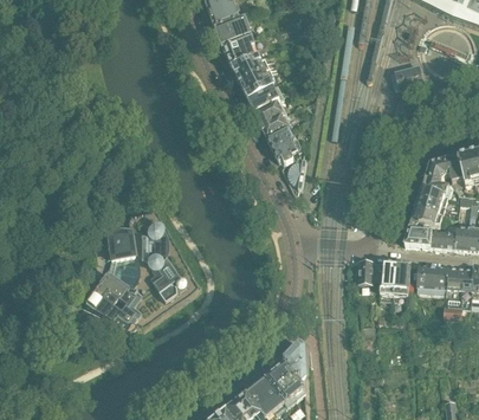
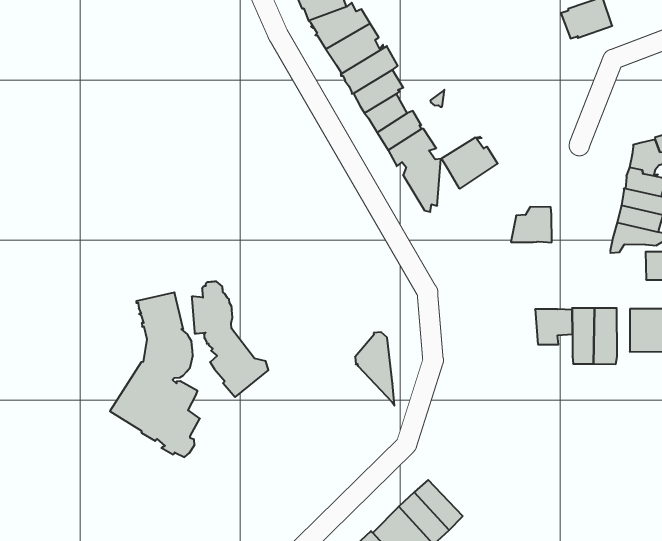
building: none -> [441,137,498,189]
building: [404,222,432,246] -> [511,207,552,242]
building: [280,342,303,389] -> [355,332,394,406]

